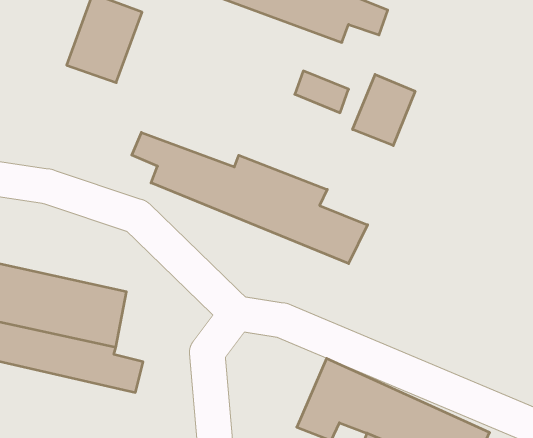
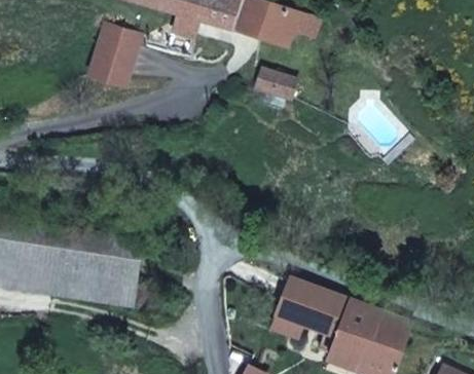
building: [353,74,415,146] -> none
building: [132,132,368,264] -> none

